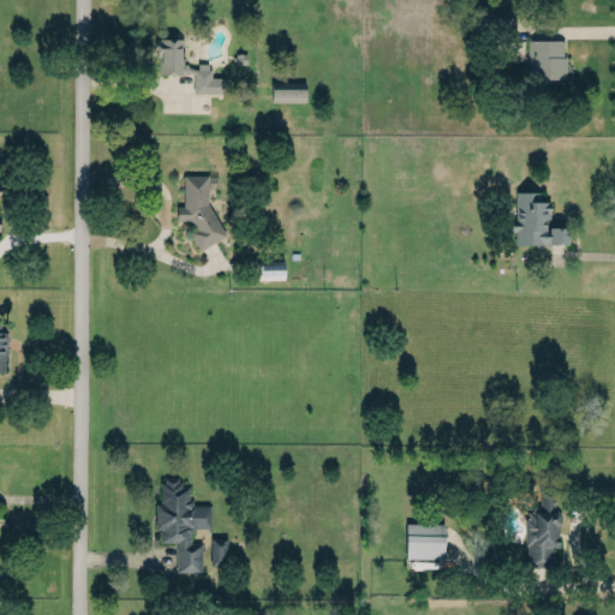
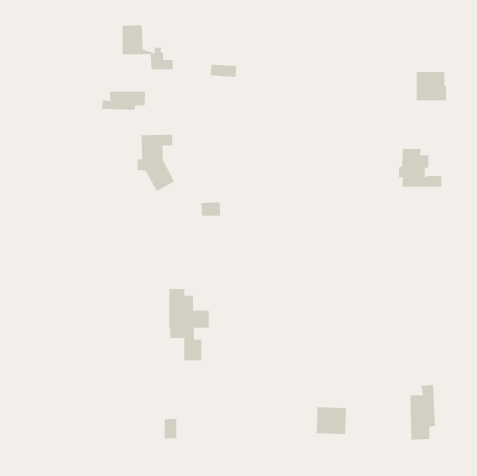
building: [529,41,568,79] -> [416,71,447,101]
building: none -> [101,91,146,110]
building: [160,479,213,573] -> [168,288,210,361]

